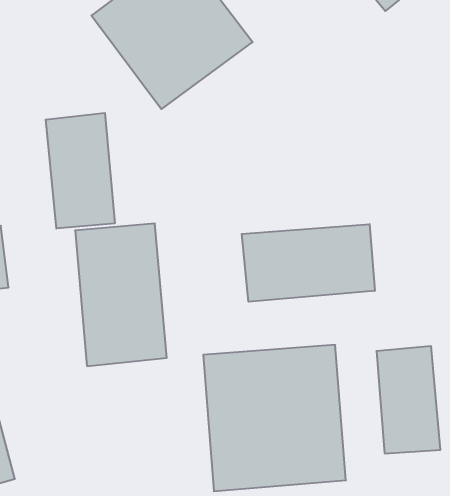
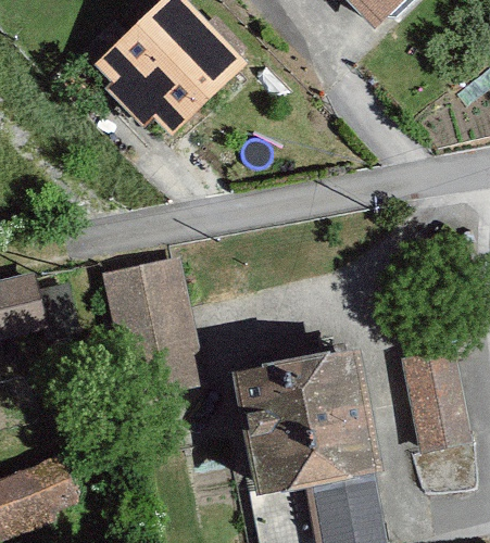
building: [46,113,115,229] -> none
building: [242,224,375,302] -> none

